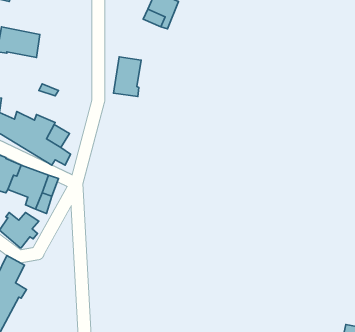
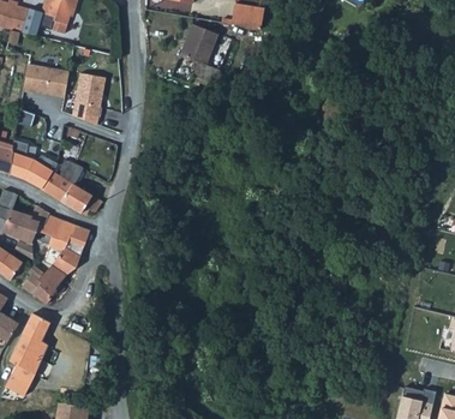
building: [114,57,141,96] -> [73,73,103,116]

